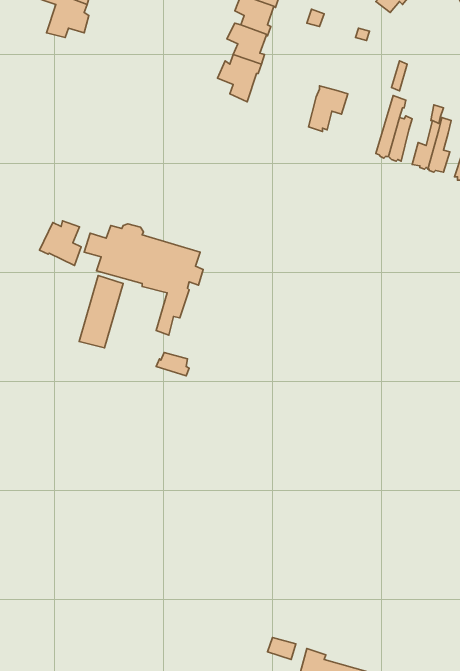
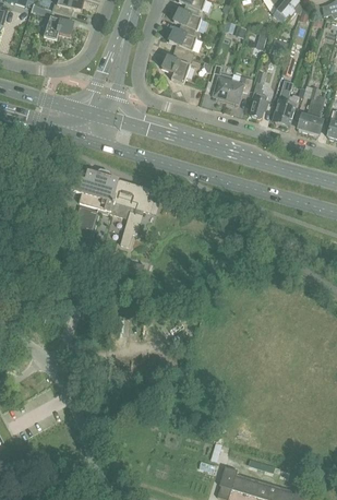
building: none -> [209,63,232,102]
building: none -> [249,72,267,117]
building: [40,221,81,265] -> none

